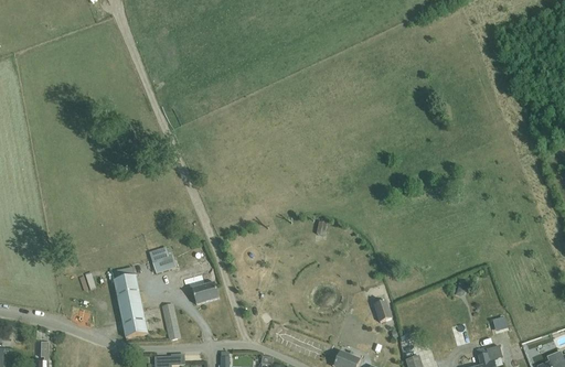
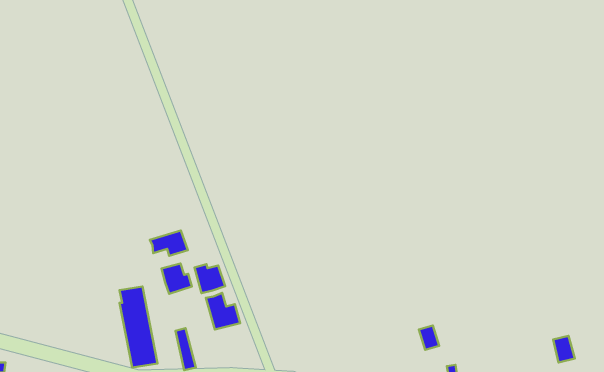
building: none -> [150,230,188,256]
building: none -> [195,264,225,293]

